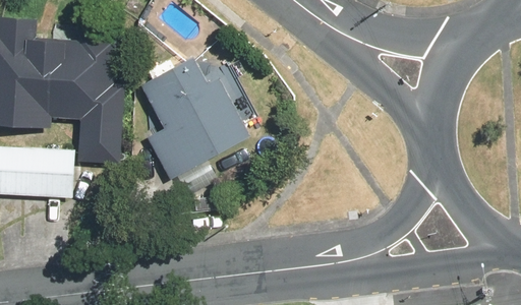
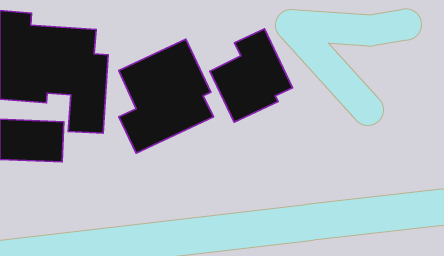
building: none -> [210,29,293,122]

